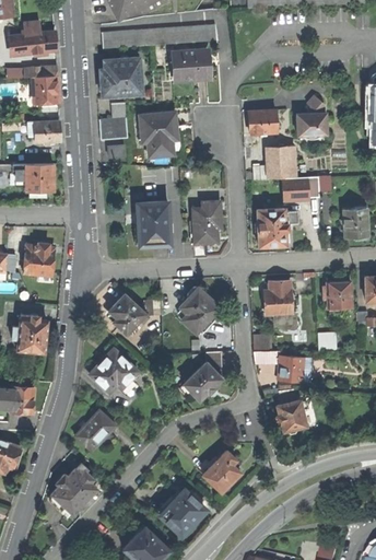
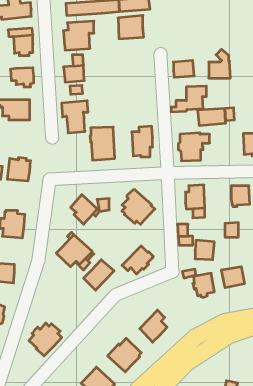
building: [141,112,177,155] -> [62,101,88,133]
building: none -> [222,267,244,288]
building: [75,409,117,451] -> [84,260,114,290]

